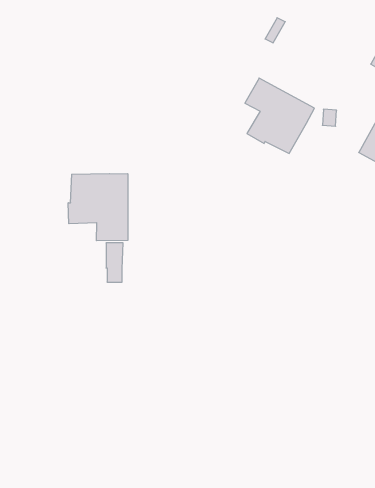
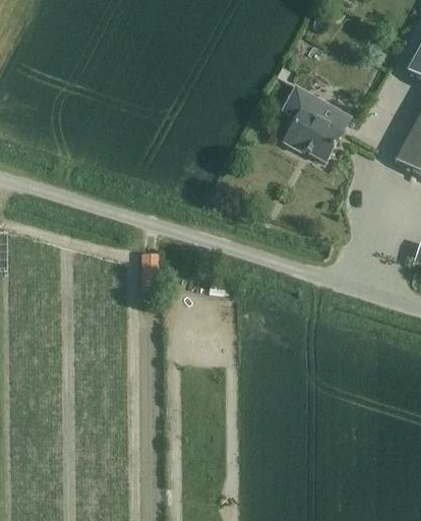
building: [68,174,128,241] -> none

